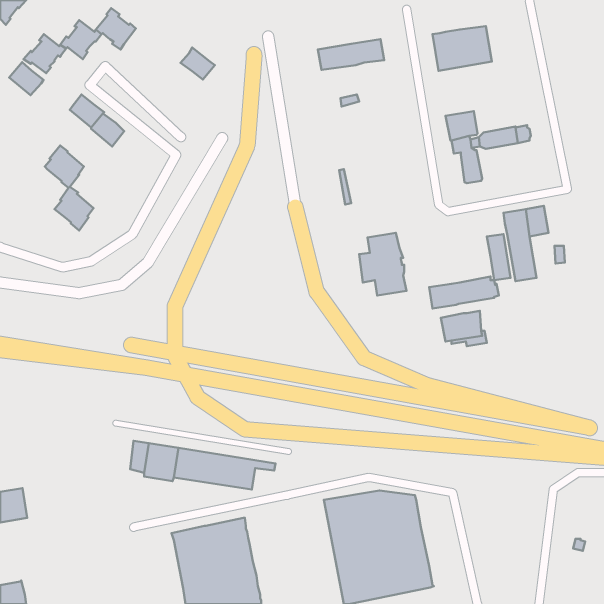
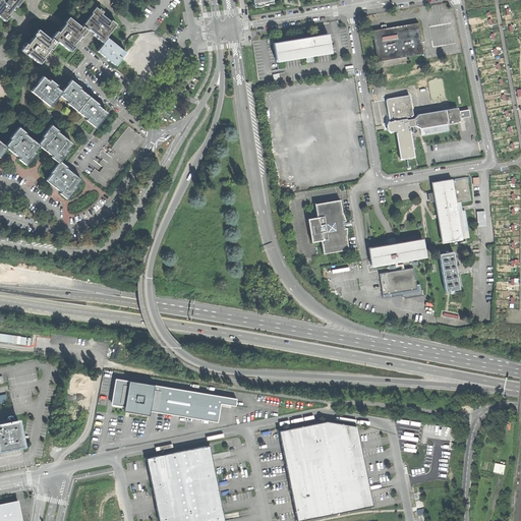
building: [180,47,215,79] -> [97,38,126,65]
building: [9,62,43,95] -> [33,76,62,105]
building: none -> [6,126,41,164]
building: [487,234,511,280] -> [440,251,460,291]

